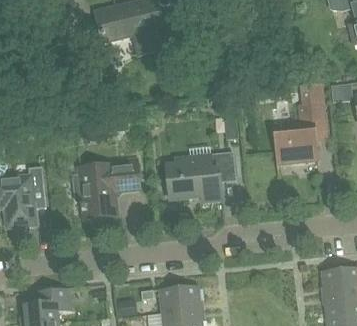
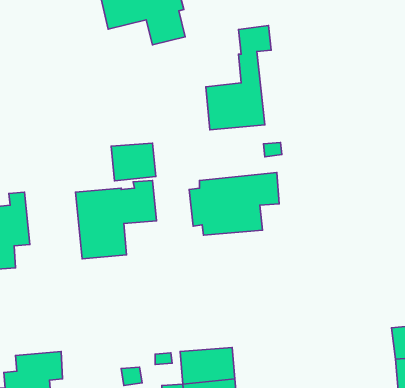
building: [273,82,323,162] -> [206,25,271,130]
building: none -> [111,143,156,181]

